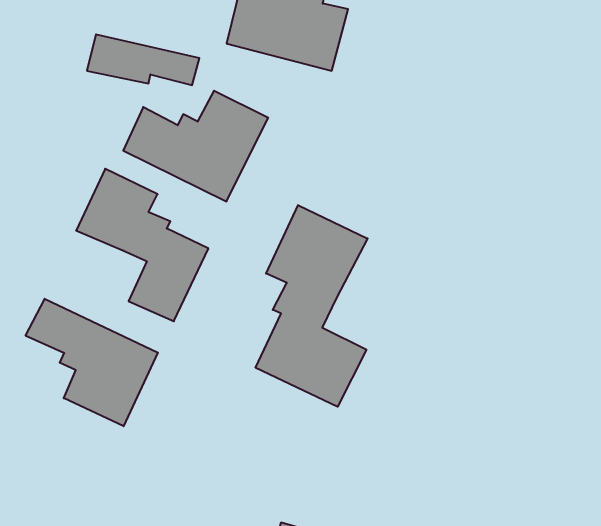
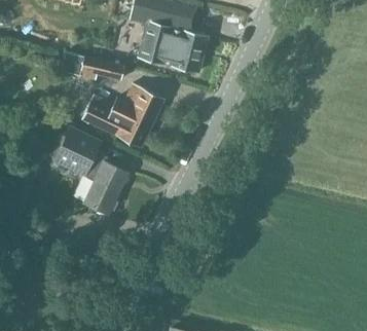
building: [256,205,368,407] -> none
building: [26,299,158,426] -> none

